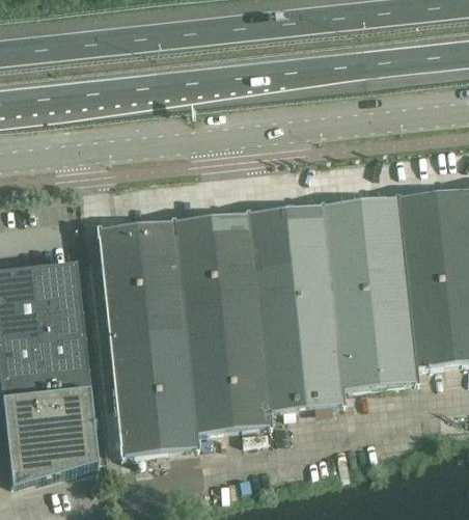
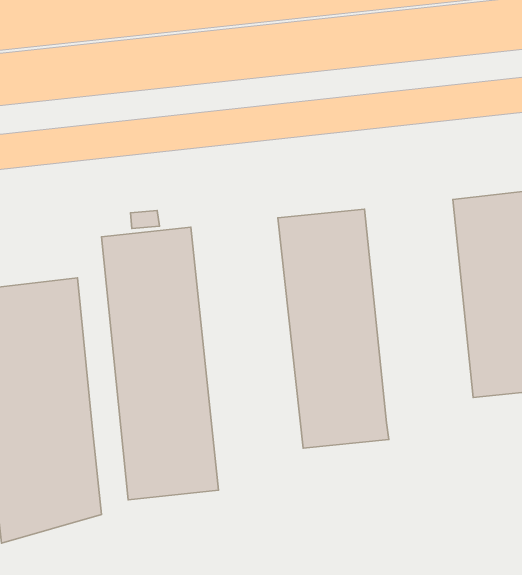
building: [325,195,419,387] -> none
building: [175,211,273,431] -> none

